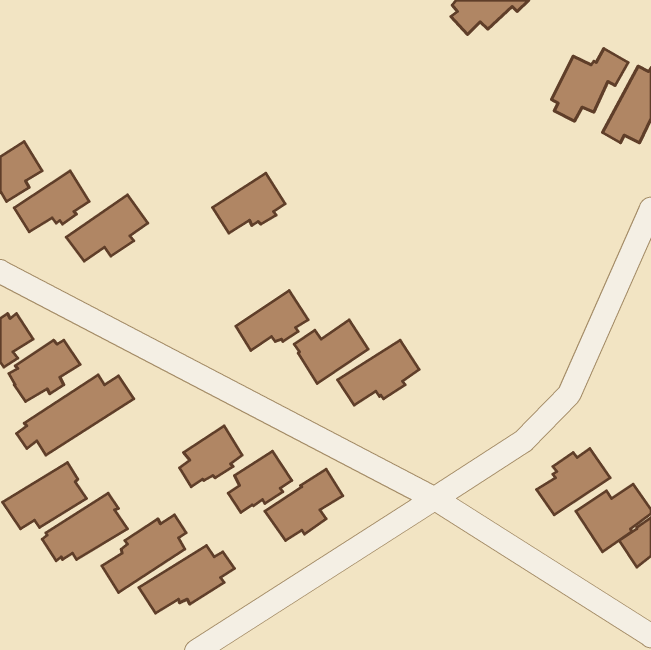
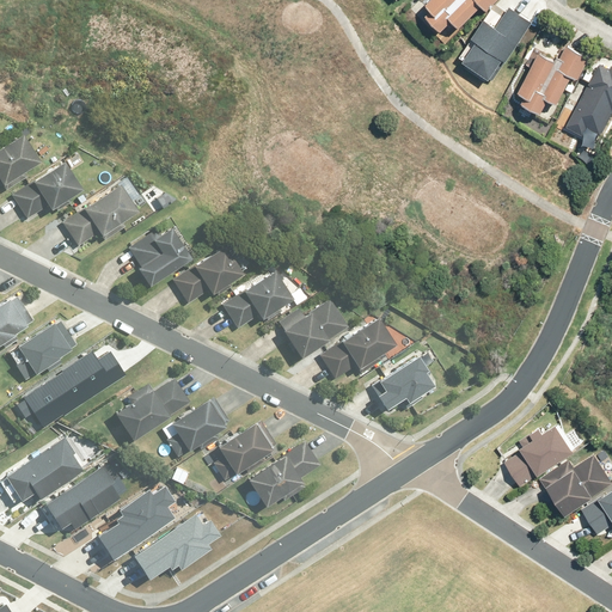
building: none -> [461,6,531,76]
building: [212,173,285,233] -> [171,249,239,305]
building: none -> [127,231,188,288]
building: none -> [371,353,432,406]
building: none -> [116,379,191,442]

